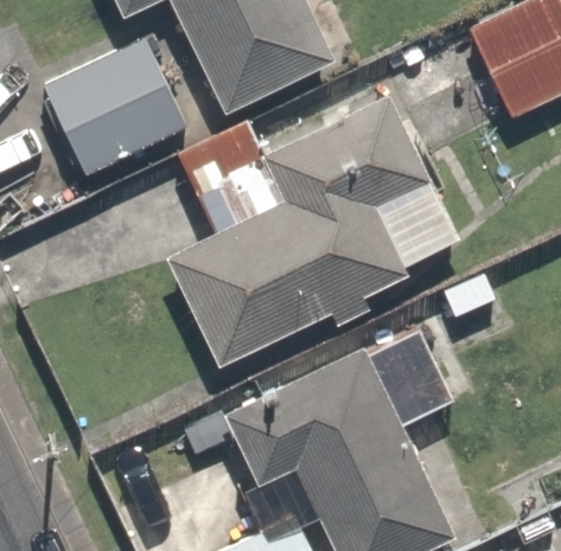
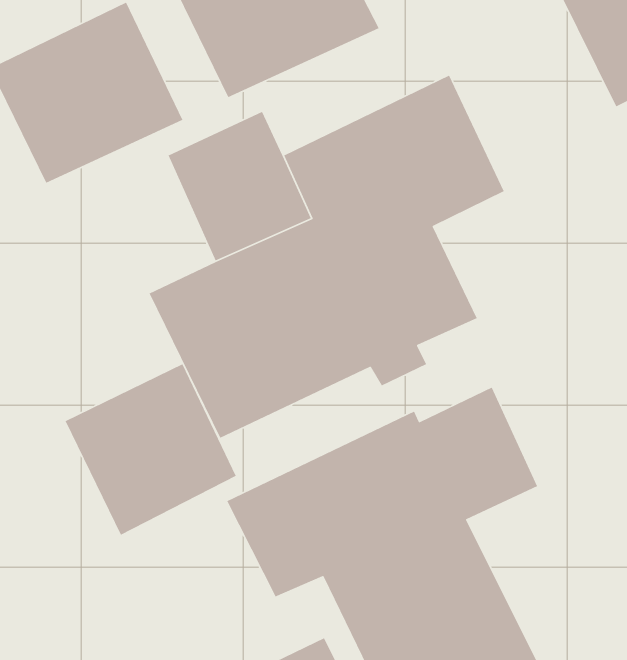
building: none -> [65,363,237,536]

